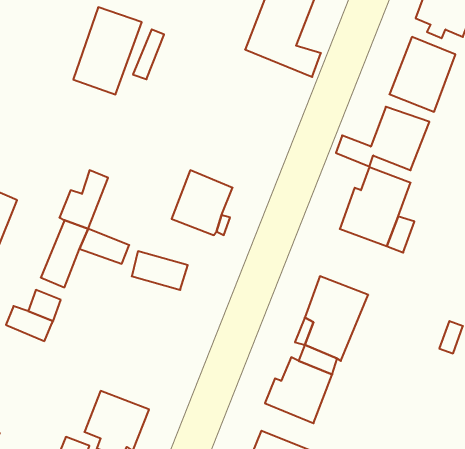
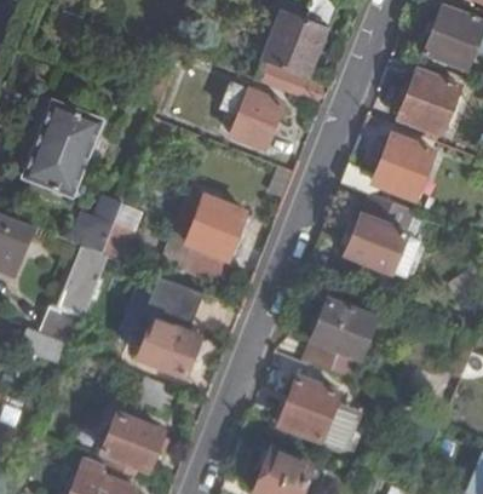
building: [73,7,142,94] -> [28,113,94,197]
building: none -> [219,82,282,149]
building: none -> [136,320,197,377]

